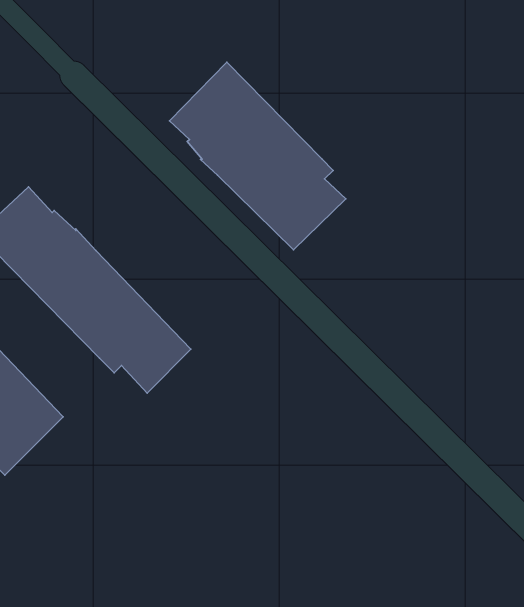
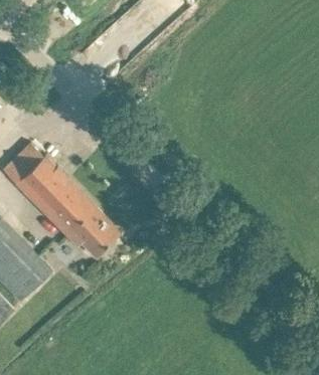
building: [170,62,346,250] -> none

